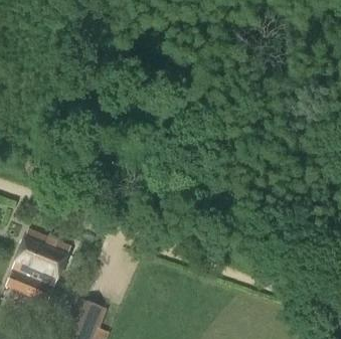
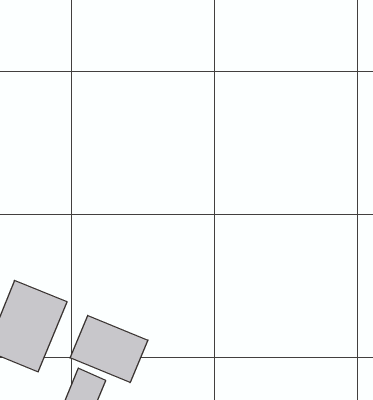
building: none -> [70,315,148,383]

